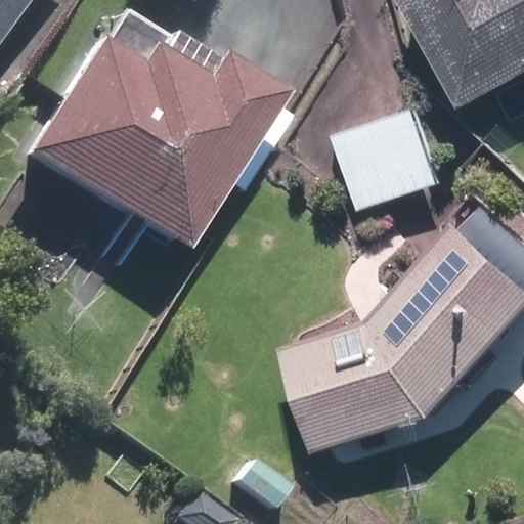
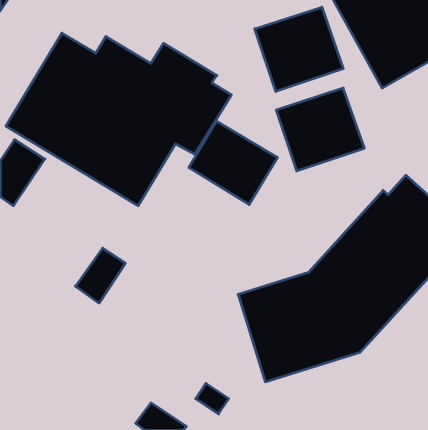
building: none -> [255,7,343,92]
building: none -> [189,121,277,205]

